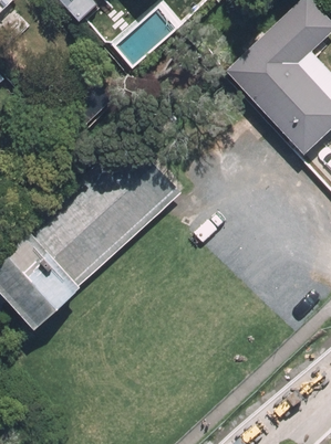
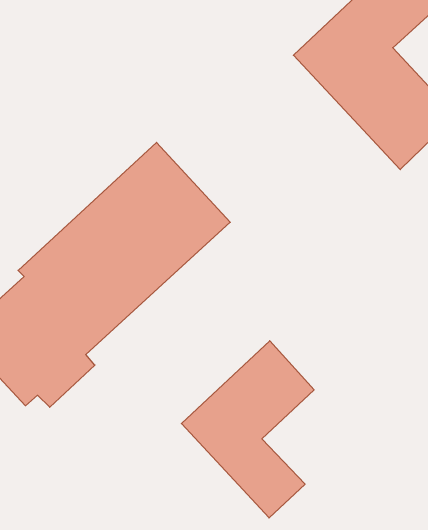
building: none -> [181,341,314,518]

